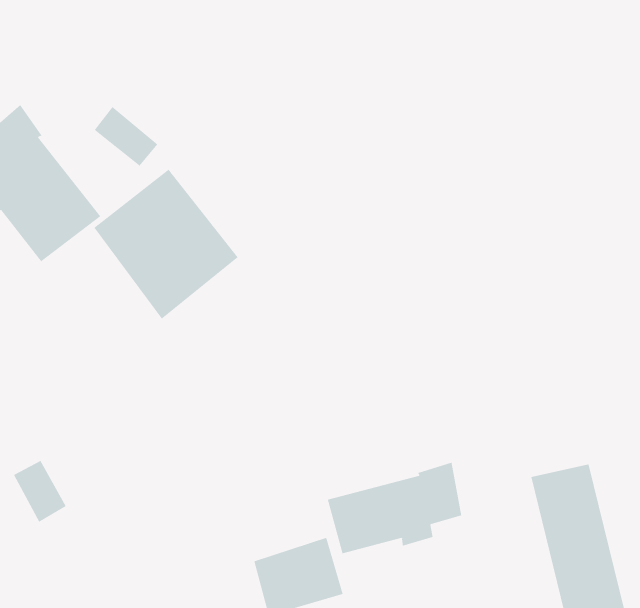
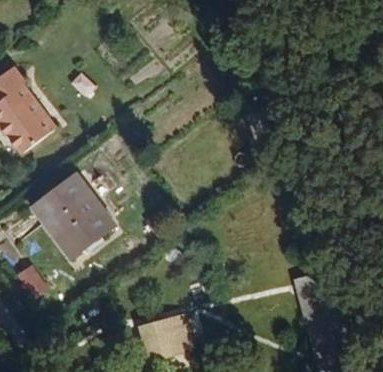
building: [94,169,238,319] -> [34,176,113,258]
building: [327,462,462,554] -> none

